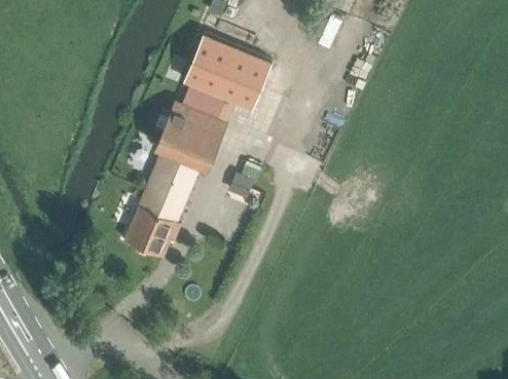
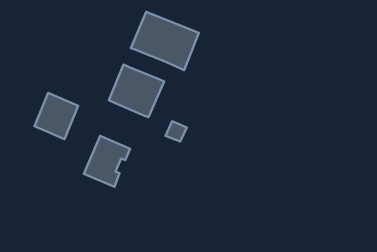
building: [181,84,229,121] -> none
building: [145,151,201,210] -> [34,93,78,139]

